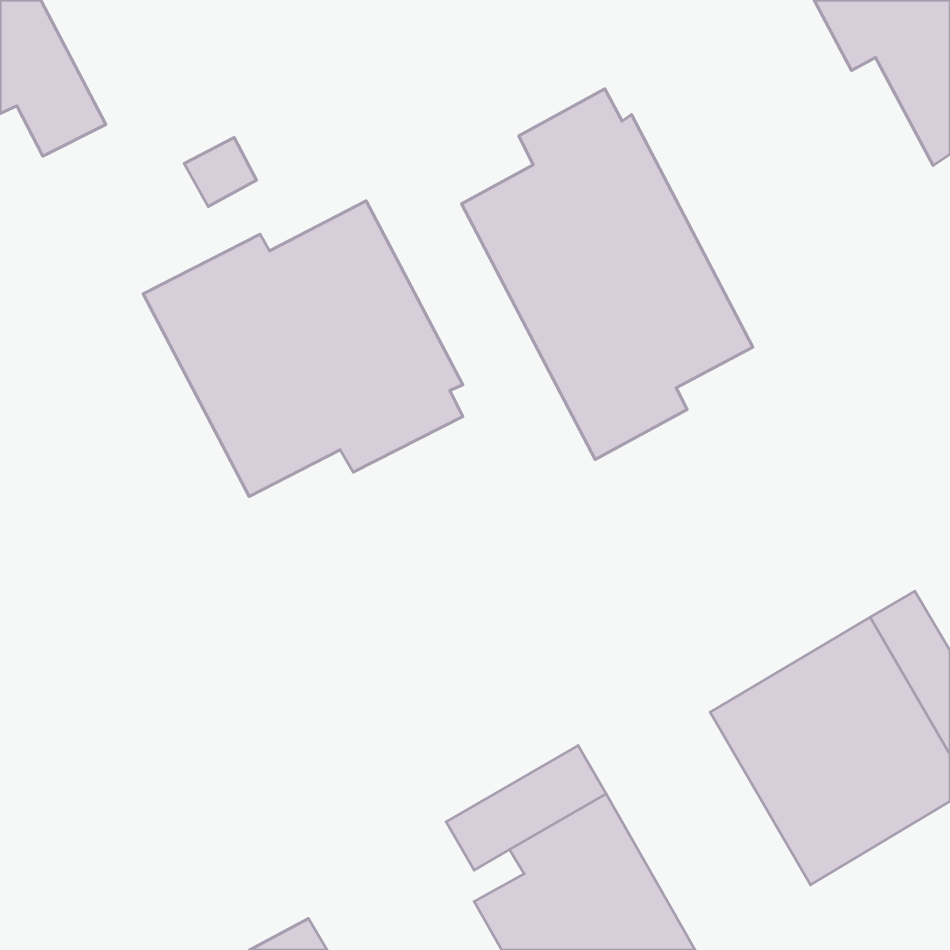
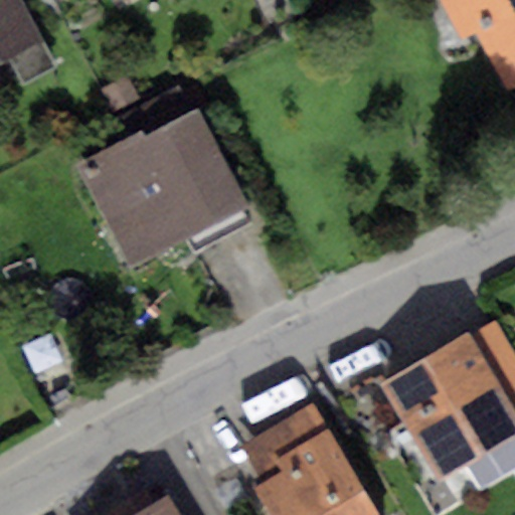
building: [462,89,753,460] -> none

